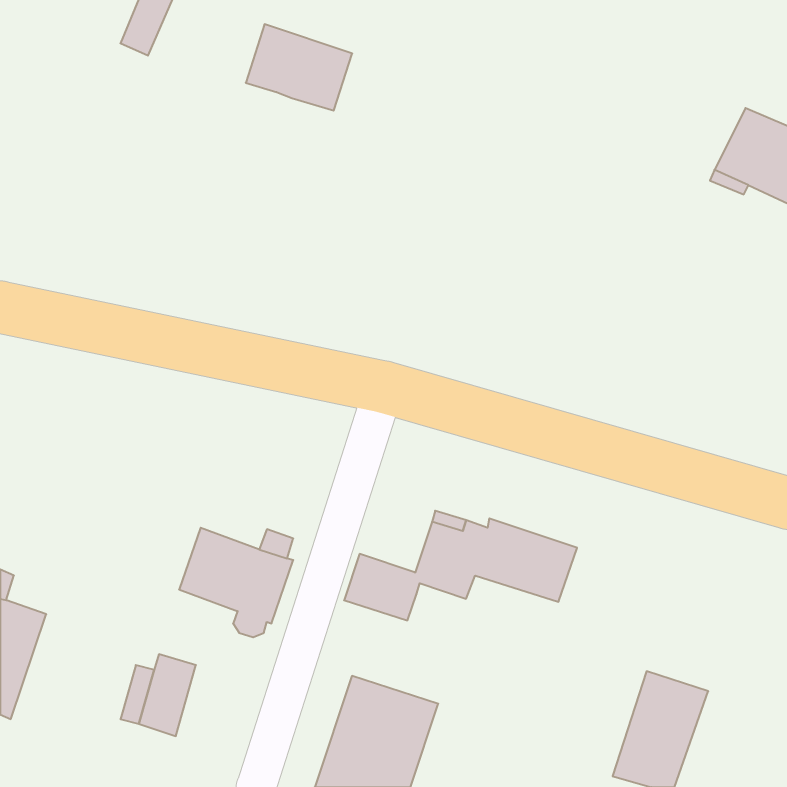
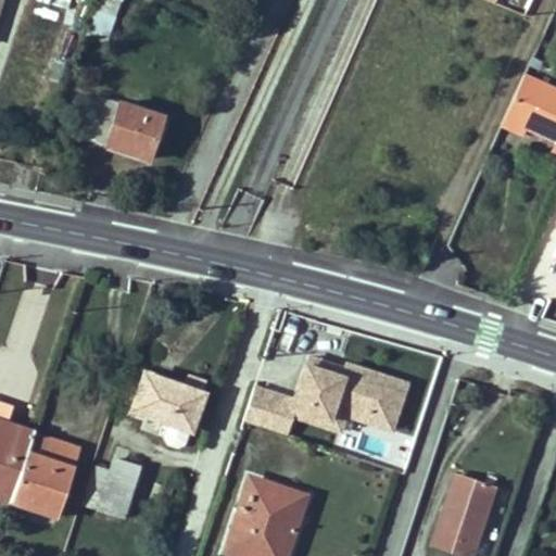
building: [246,24,352,111] -> [87,94,162,155]
building: none -> [294,405,394,433]
building: none -> [9,432,80,522]

